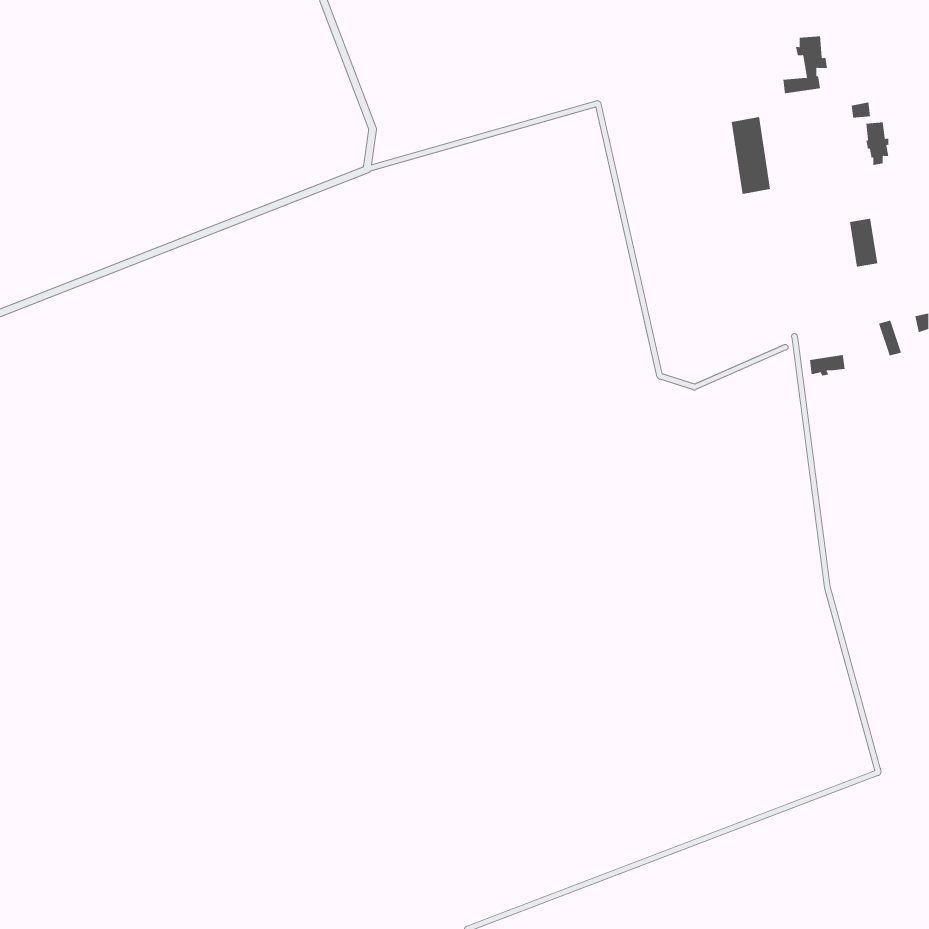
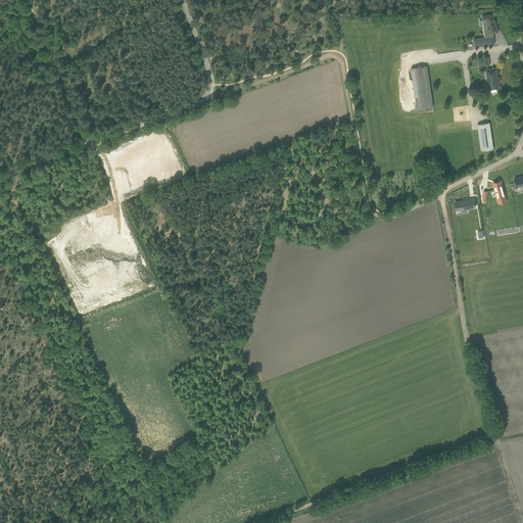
building: [783,36,828,94] -> [473,14,498,47]

